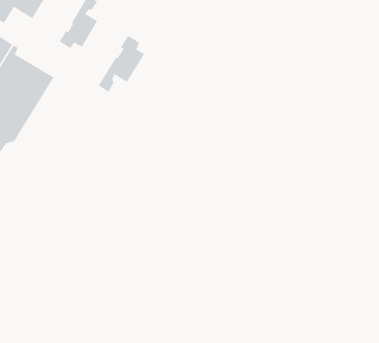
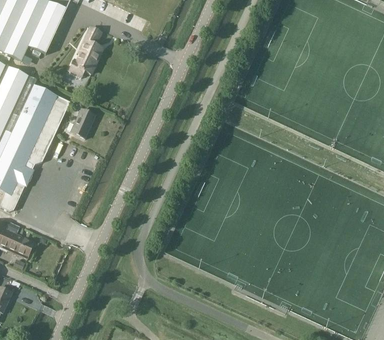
building: [98,35,145,93] -> none
building: none -> [66,109,95,138]

